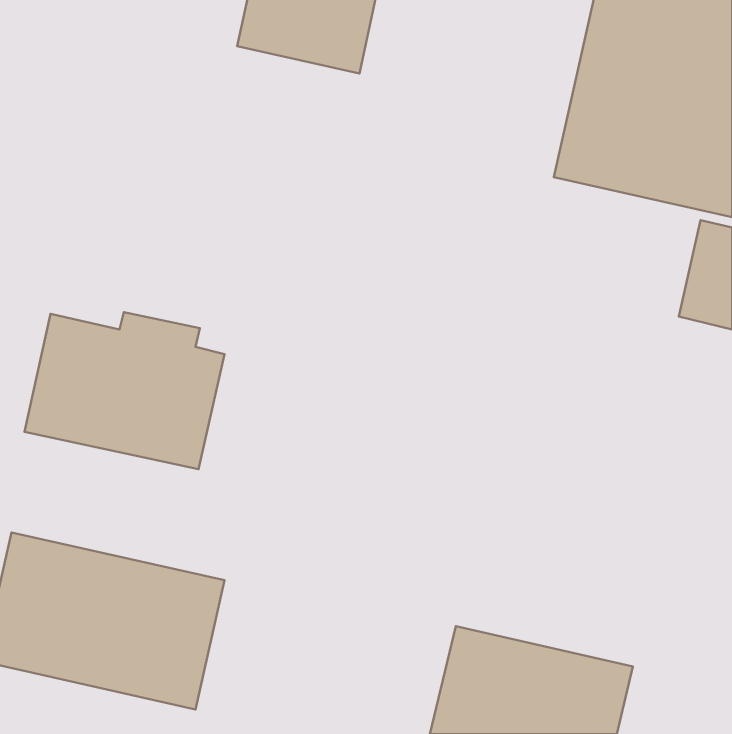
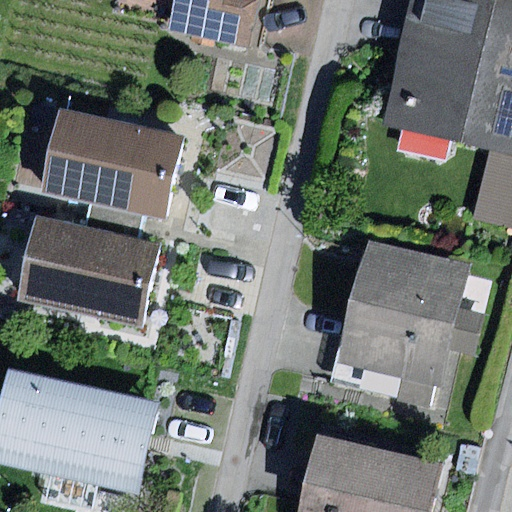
building: none -> [41,113,182,228]
building: none -> [337,237,483,385]

